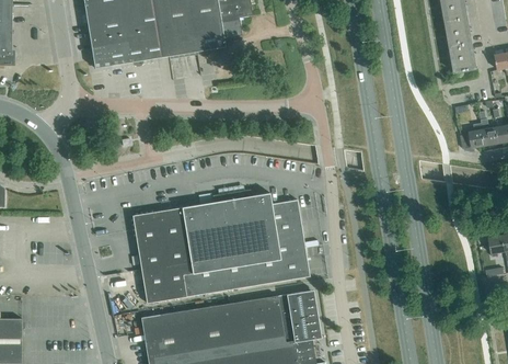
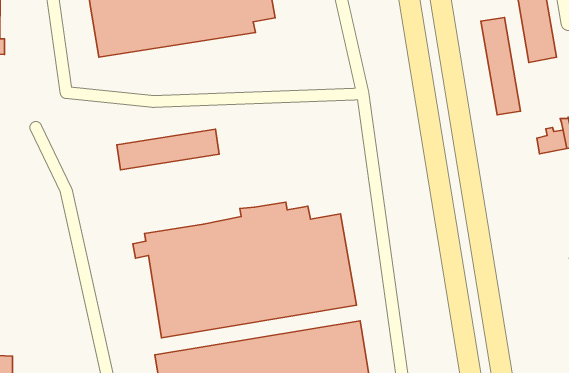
building: none -> [481,18,521,115]
building: none -> [117,129,219,170]

